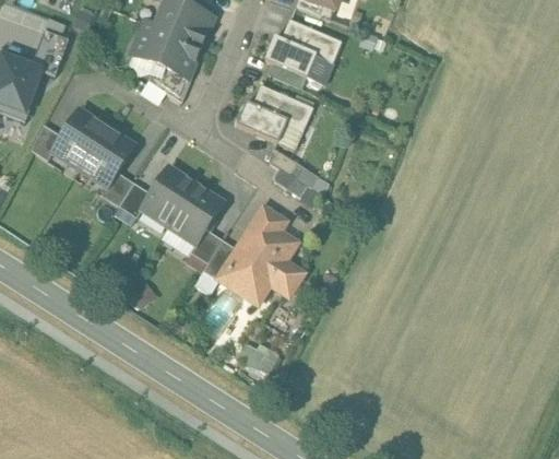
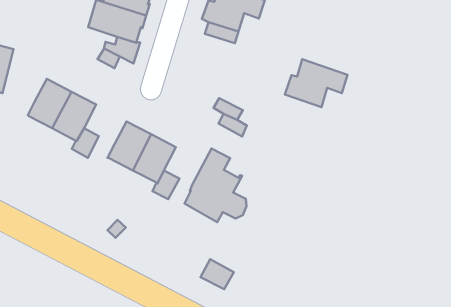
building: [237,84,312,142] -> [285,59,348,107]
building: [31,123,61,160] -> none
building: [118,181,151,216] -> none
building: [203,239,237,280] -> none

